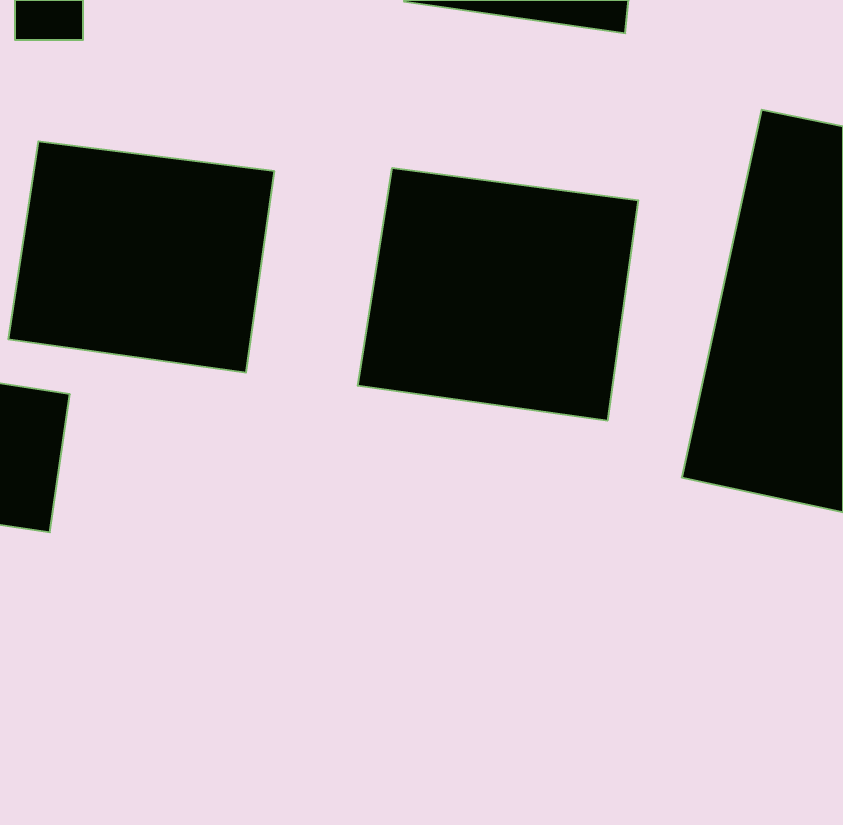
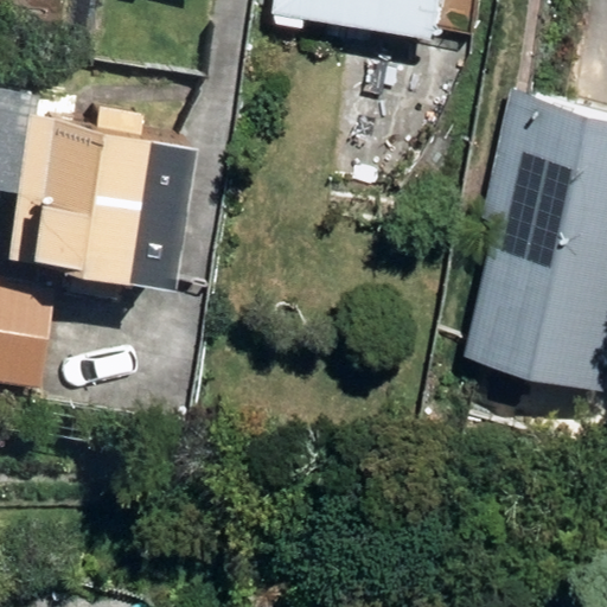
building: [358,168,638,421] -> none

